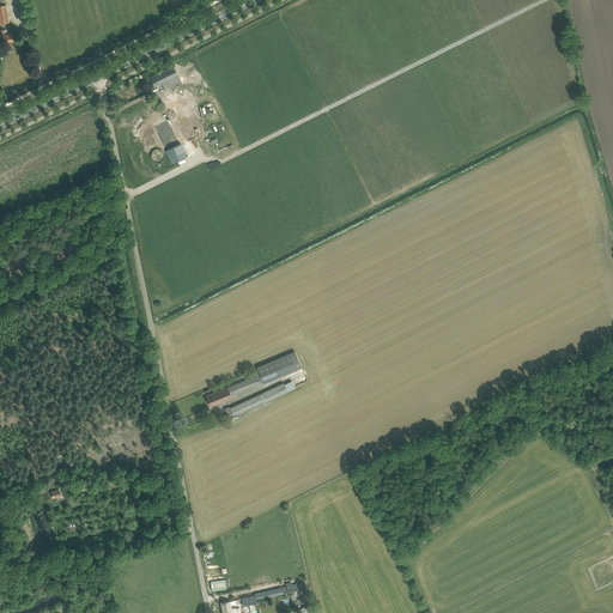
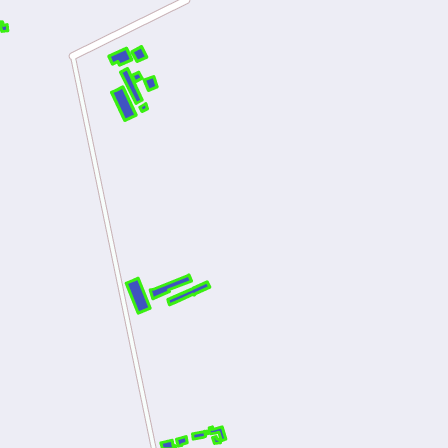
building: [255,352,301,386] -> none
building: none -> [126,278,150,313]

